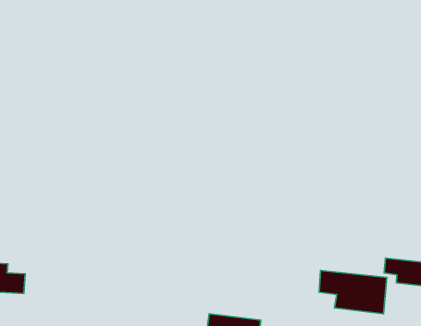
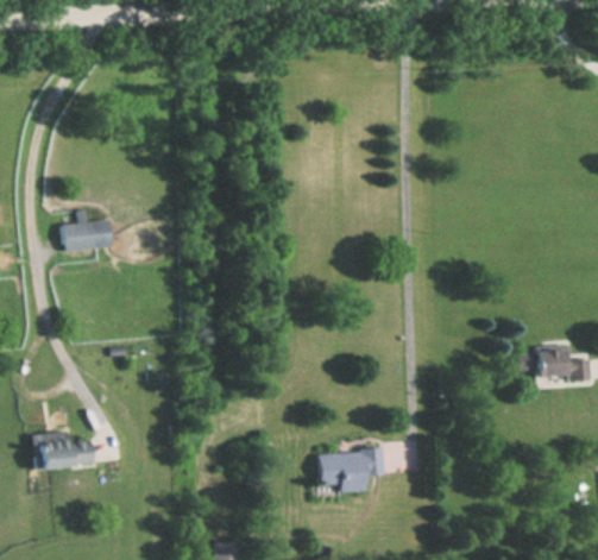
building: none -> [64,212,113,251]
building: [319,271,387,314] -> none

